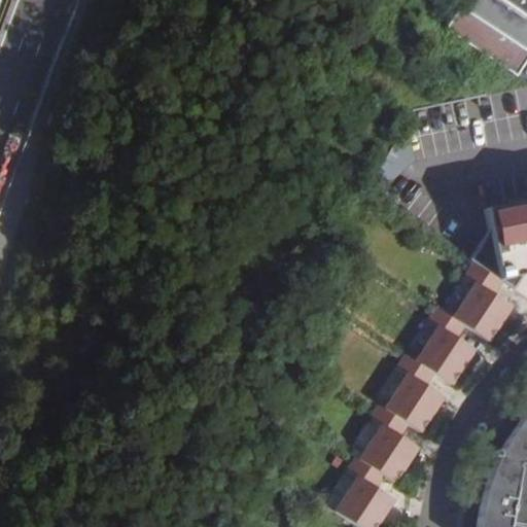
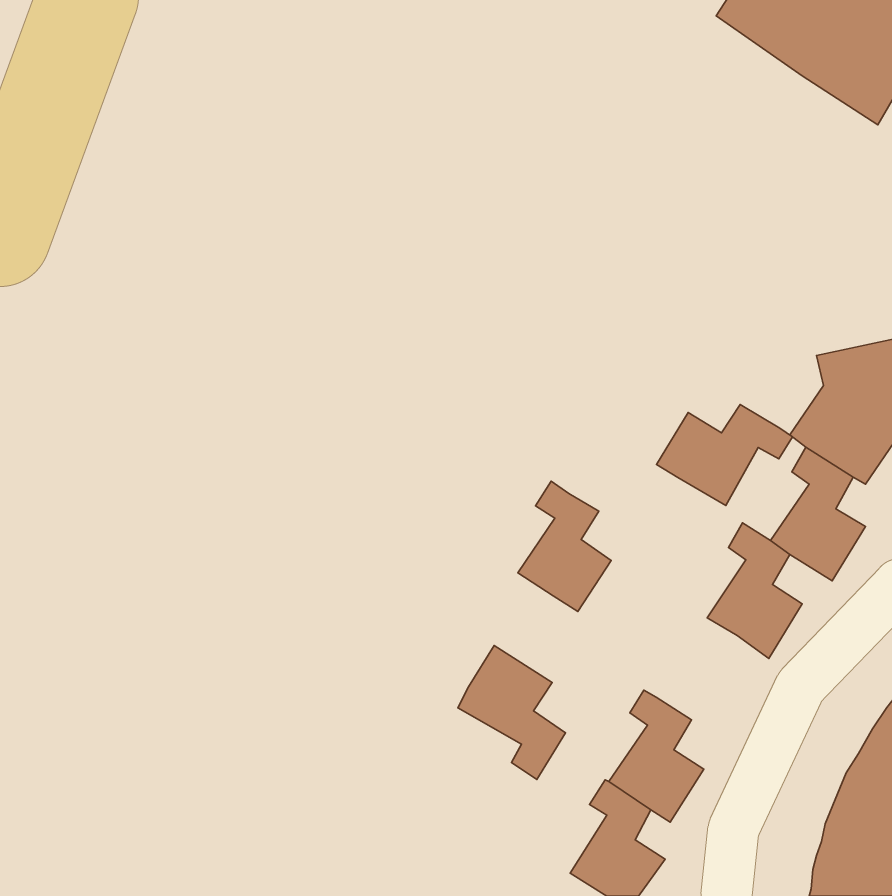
building: none -> [656,405,793,506]
building: [388,354,443,430] -> [518,481,611,612]
building: none -> [458,646,566,780]

